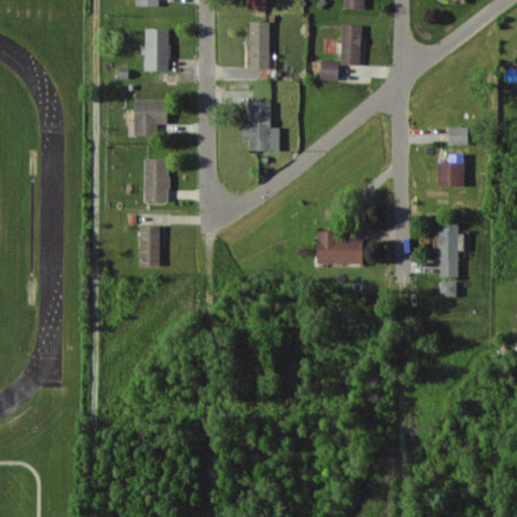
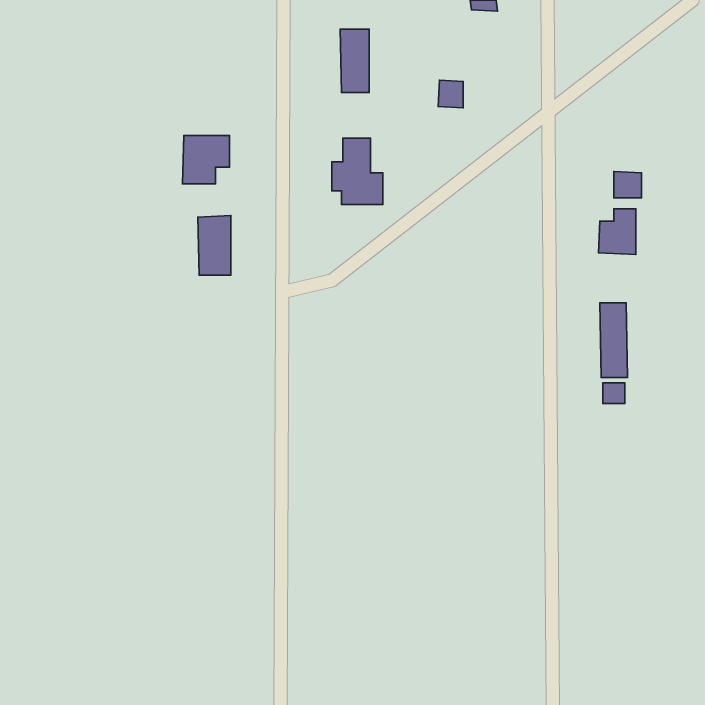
building: [340,24,361,66] -> none
building: [145,28,170,71] -> none
building: [140,225,161,266] -> none
building: [317,230,364,264] -> none

